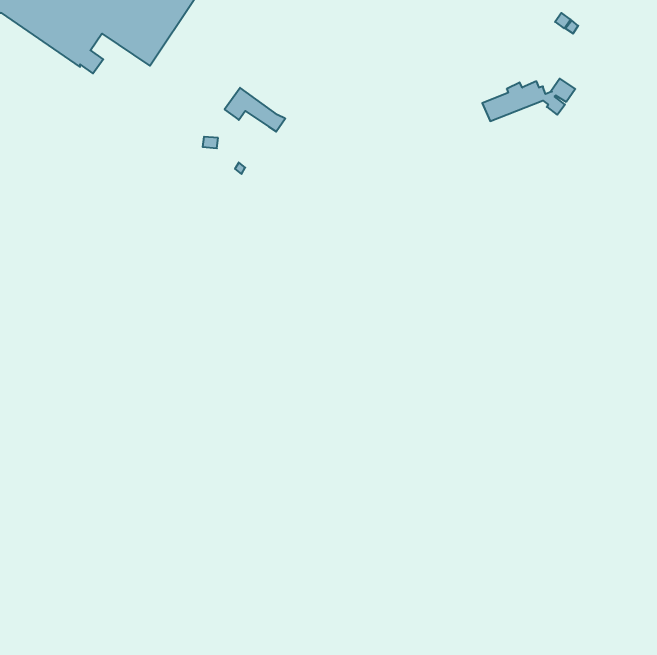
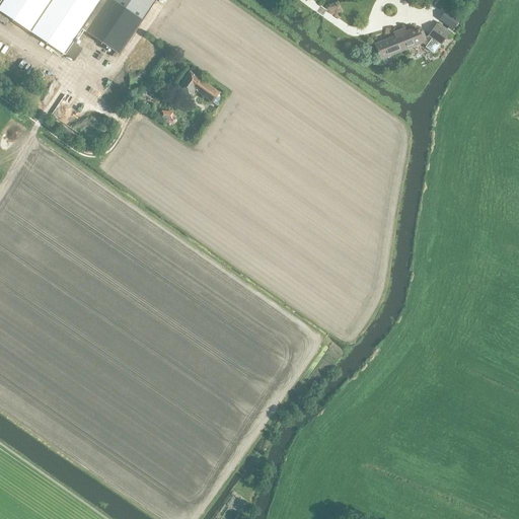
building: [482,79,575,121] -> [373,22,446,56]

